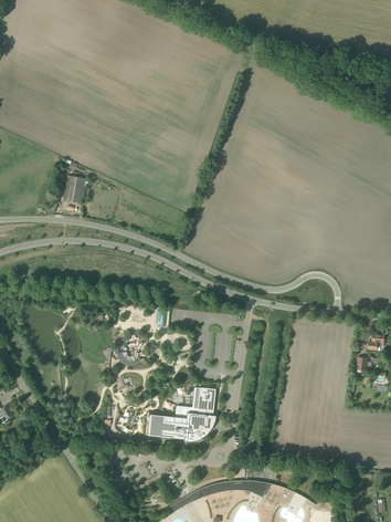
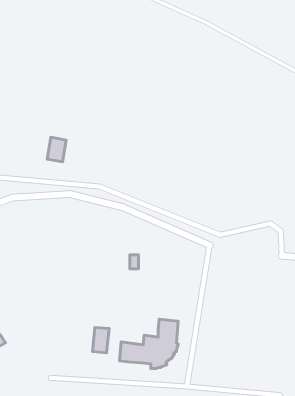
building: none -> [92,327,109,353]

